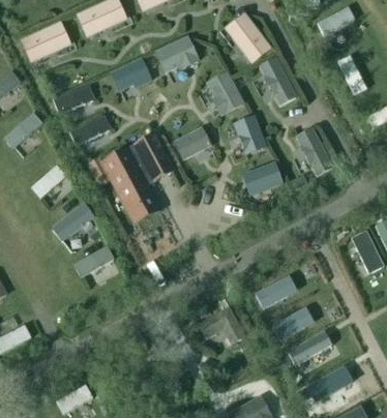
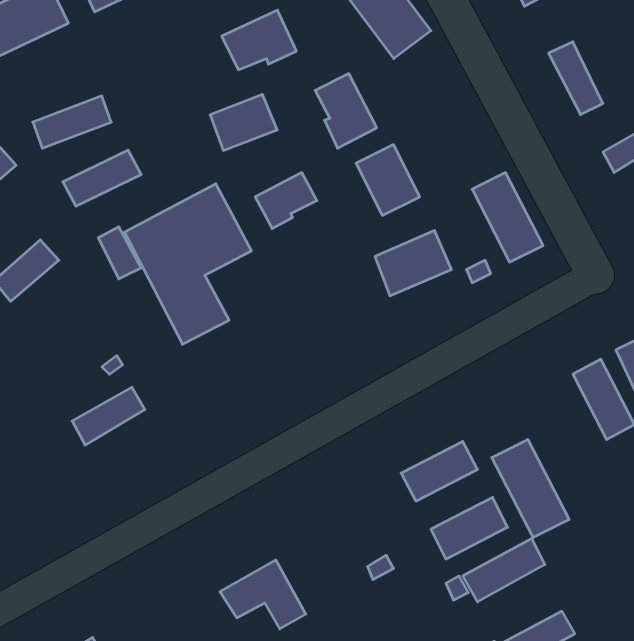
building: [259,57,297,106] -> none
building: [111,58,148,89] -> [210,94,277,150]
building: [51,203,95,242] -> none
building: none -> [492,439,569,538]
building: [198,305,245,344] -> [220,560,306,629]

